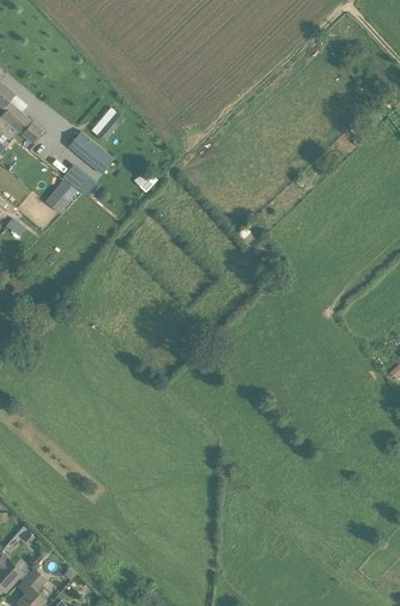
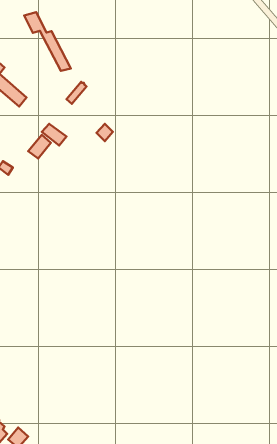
building: none -> [24,12,71,71]
building: [63,129,110,172] -> none

